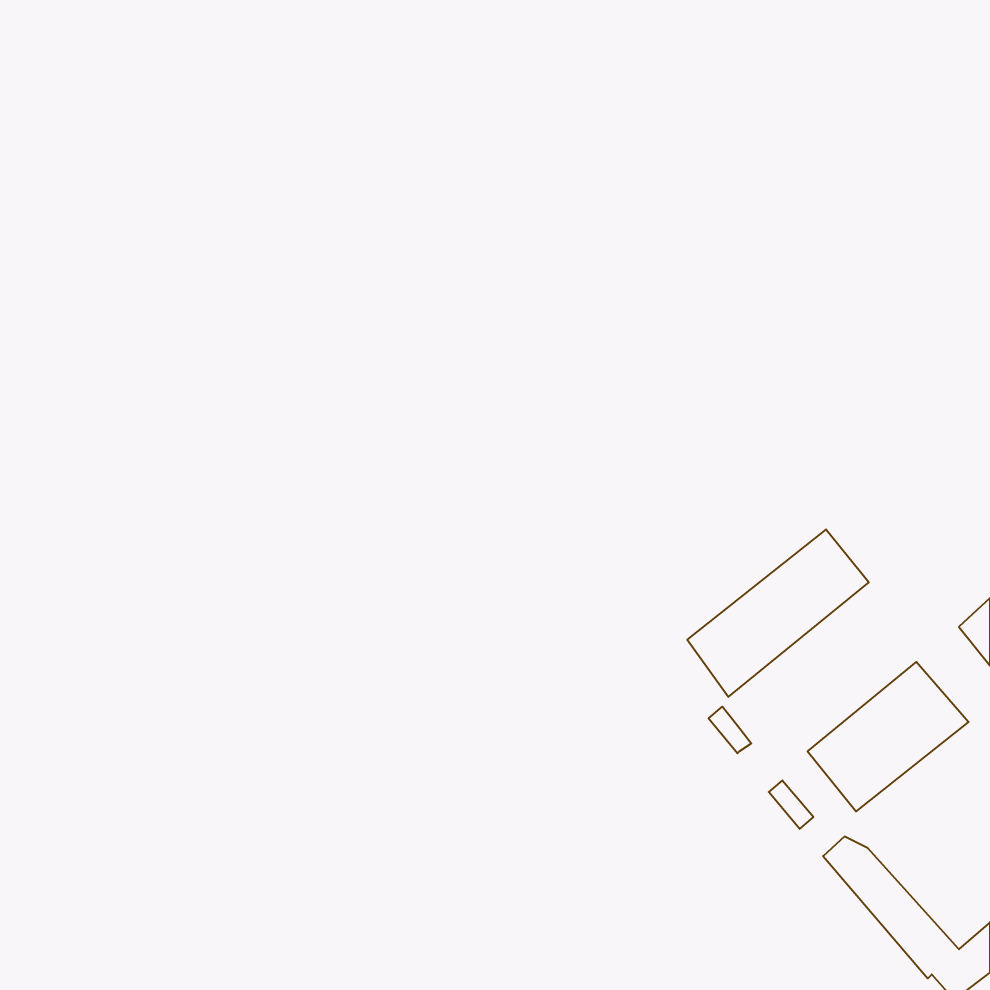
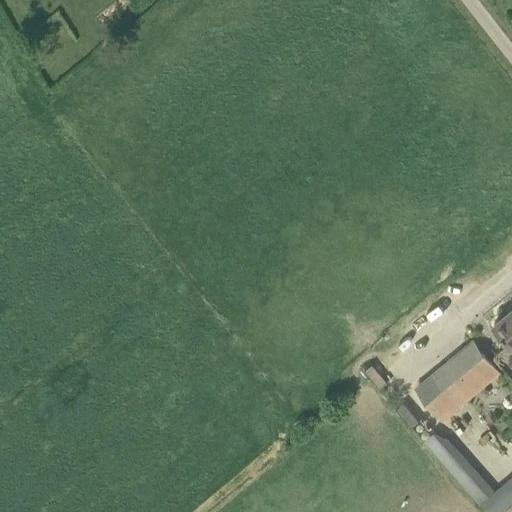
building: [687,529,869,697] -> none

